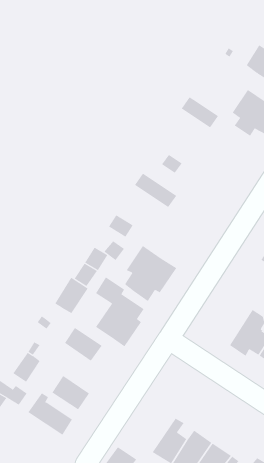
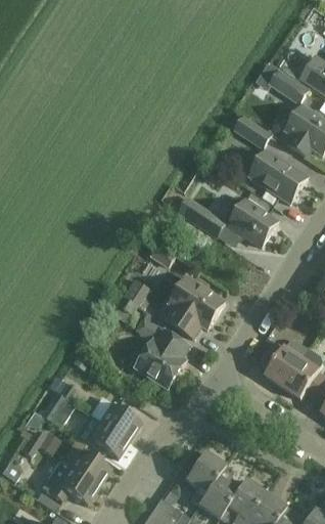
building: none -> [268,70,308,103]
building: none -> [248,148,308,204]
building: none -> [223,195,278,247]
building: [55,277,89,314] -> none
building: none -> [259,339,308,387]
building: [64,327,102,362] -> [99,402,141,440]
building: none -> [184,452,223,505]
building: none -> [41,461,99,505]

